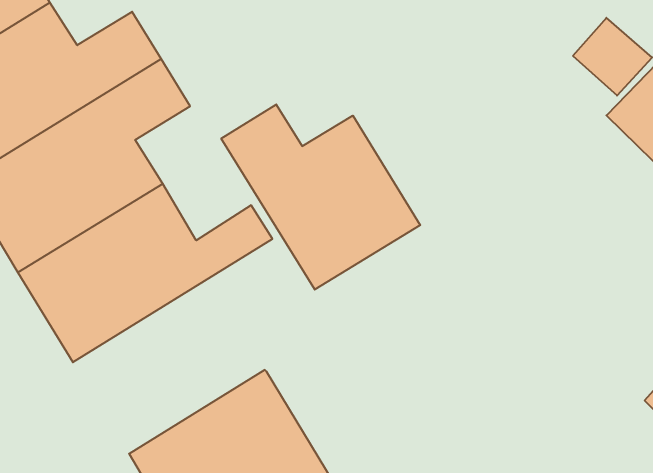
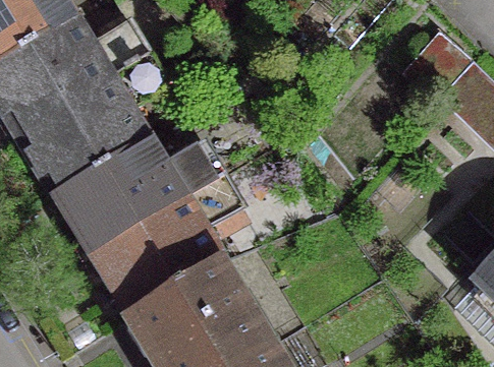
building: [221,104,420,290] -> none
building: none -> [89,173,241,316]

